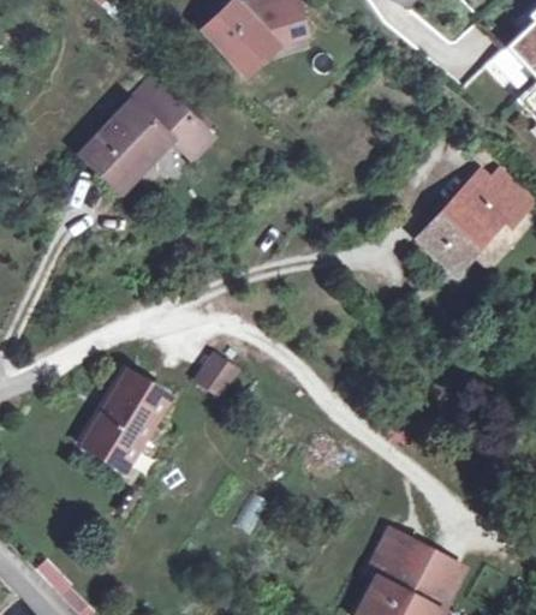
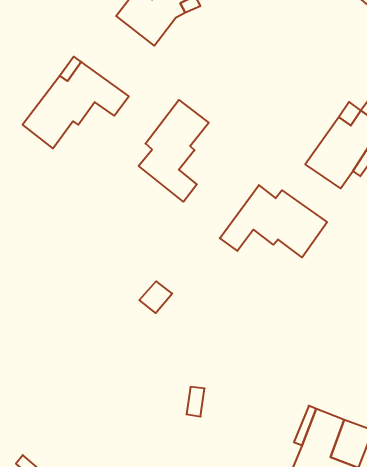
building: none -> [139,100,209,202]
building: none -> [220,185,327,257]
building: [79,370,168,468] -> none

